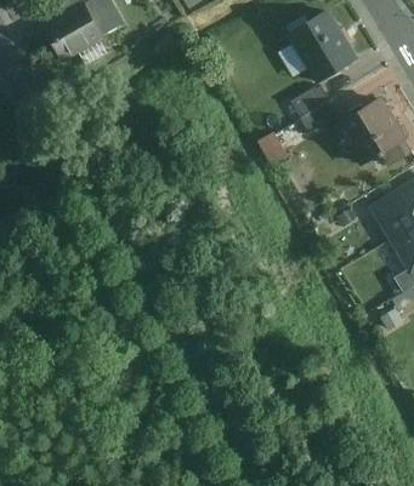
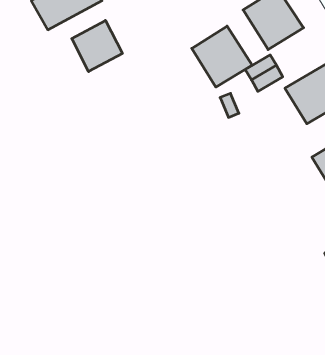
building: none -> [72,20,122,72]
building: none -> [192,26,252,87]

